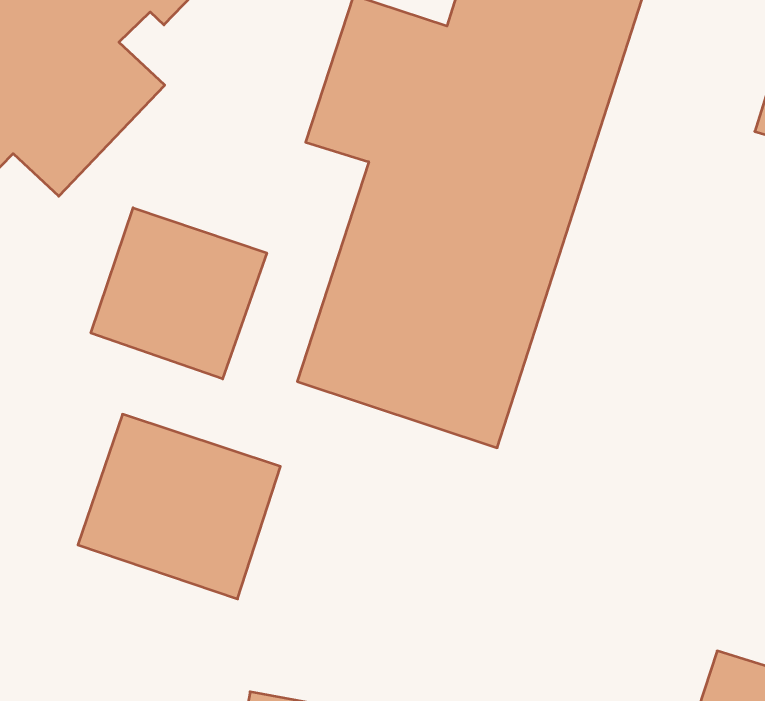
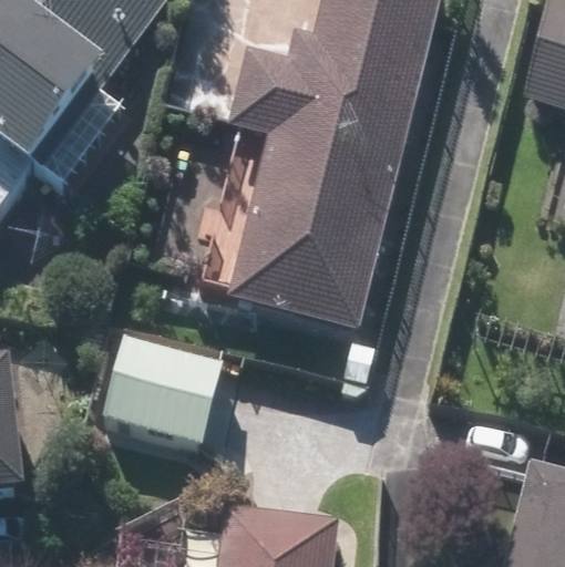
building: [91,208,267,379] -> none

